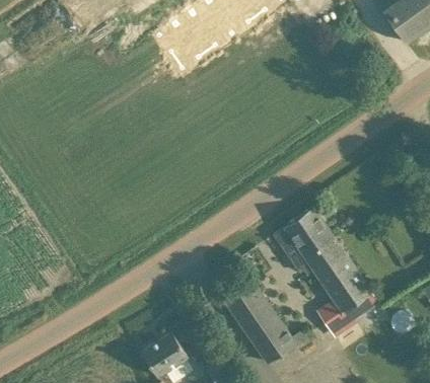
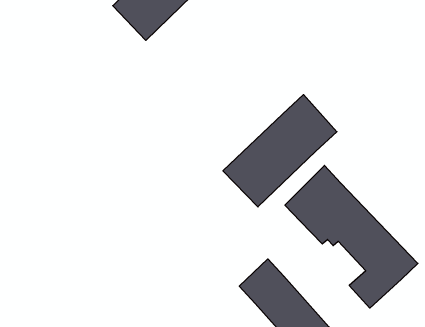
building: none -> [223,95,337,207]

